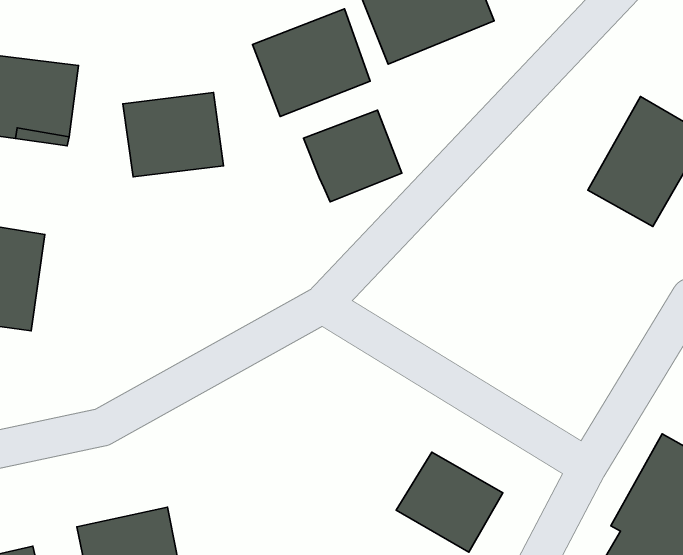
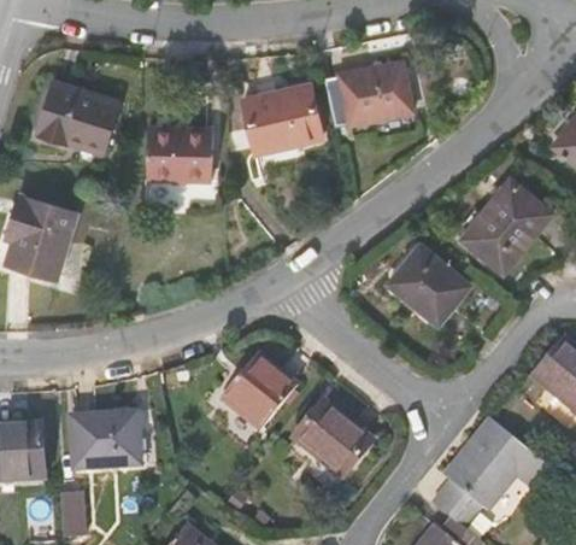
building: [304,110,402,202] -> none
building: none -> [389,245,469,323]
building: none -> [227,353,302,429]

